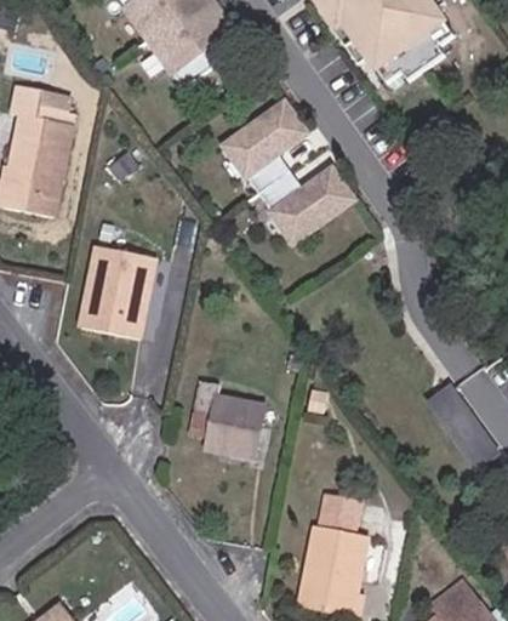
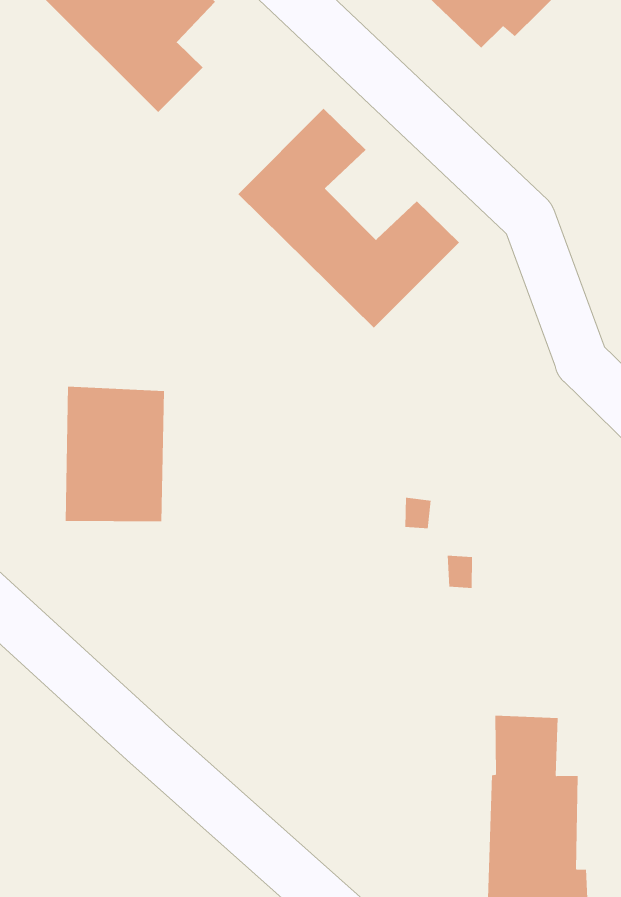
building: [189,378,263,456] -> none

